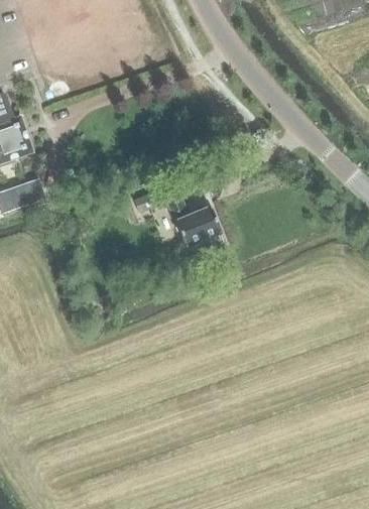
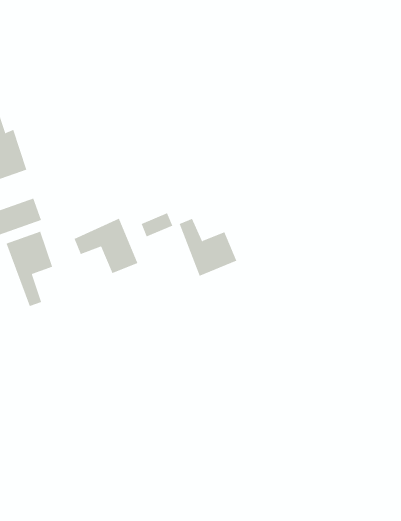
building: none -> [74,218,138,274]
building: none -> [6,231,53,307]

